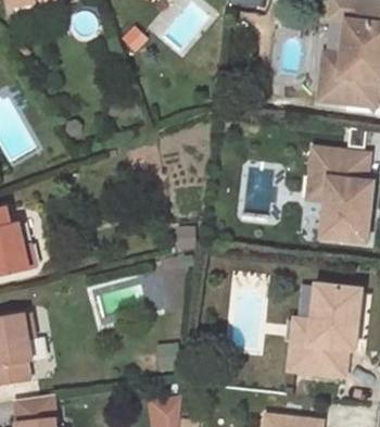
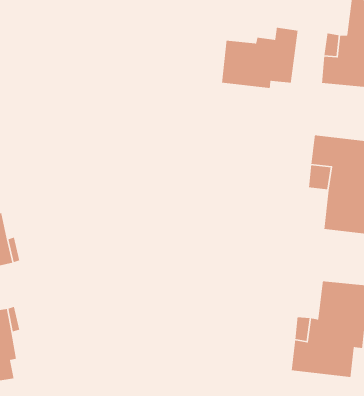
building: none -> [221,27,299,89]

